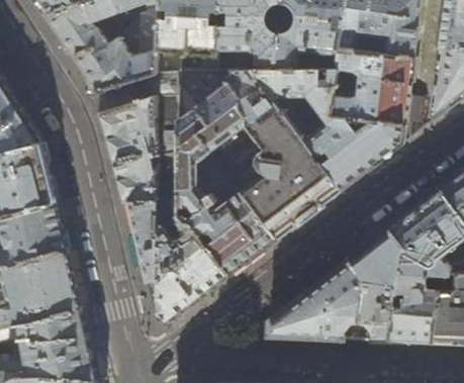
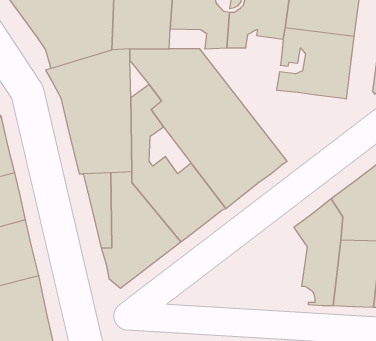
building: [248,71,402,190] -> none
building: [266,260,361,340] -> none

